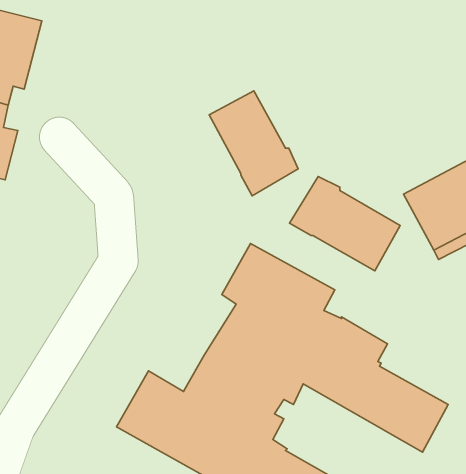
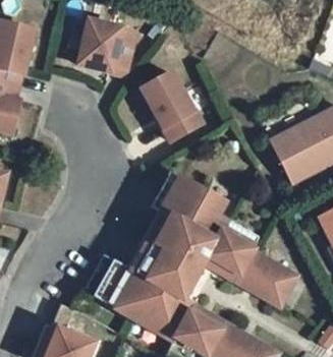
building: none -> [82,23,138,75]
building: [289,177,400,271] -> none

